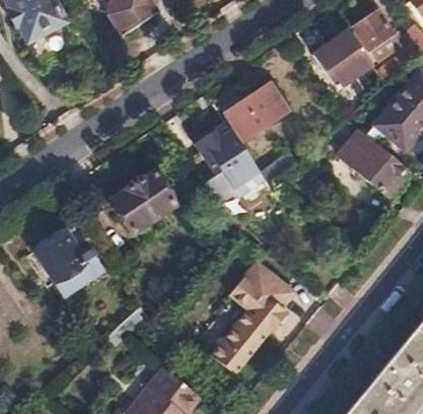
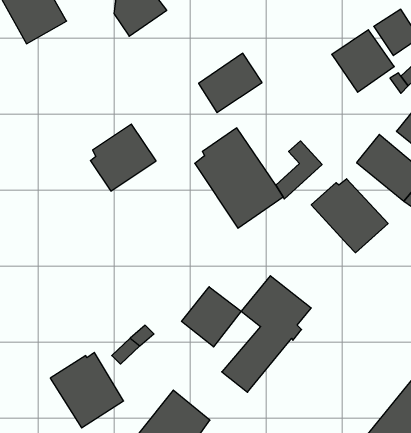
building: [228,86,288,142] -> [199,53,262,113]
building: none -> [311,179,388,253]
building: [116,171,178,234] -> [90,124,156,191]
building: [33,226,102,297] -> [50,352,124,428]
building: none -> [182,287,241,347]

